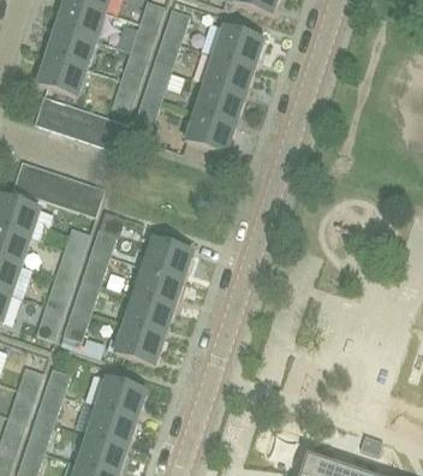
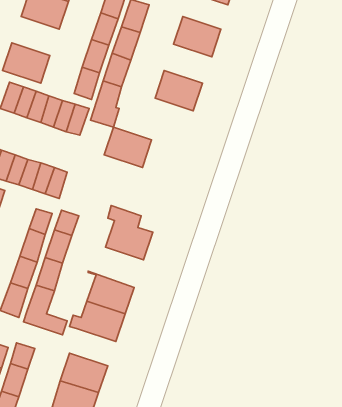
building: [46,26,95,67] -> none
building: [204,55,254,96] -> none
building: [185,112,234,154] -> [104,127,152,167]
building: [125,267,183,309] -> none

